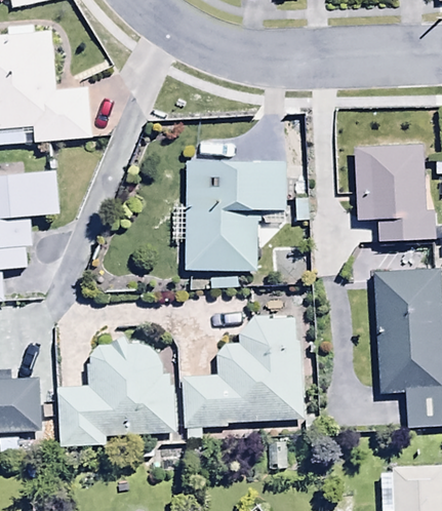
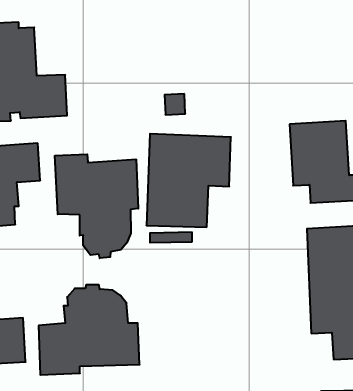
building: none -> [55,154,138,258]
building: [182,317,304,440] -> none

